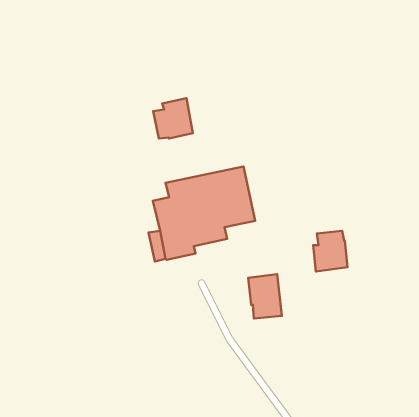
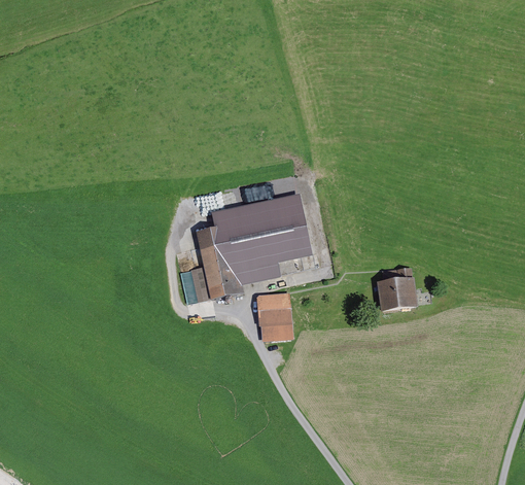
building: [153,98,193,139] -> none
building: [248,274,282,319] -> [255,291,293,342]

